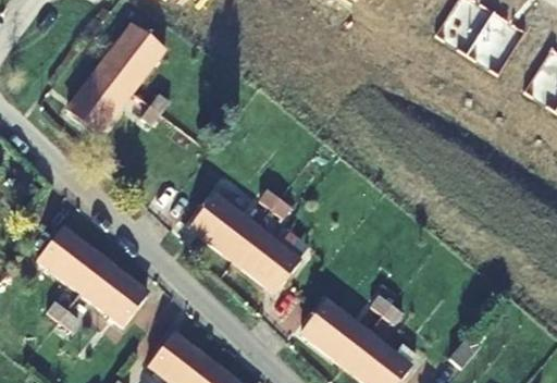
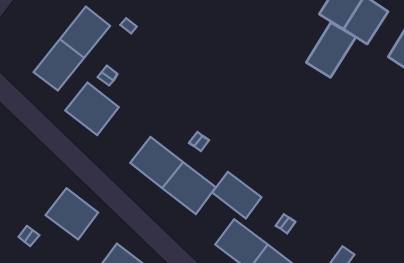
building: none -> [306,22,356,78]
building: none -> [65,83,119,135]
building: [38,227,107,294] -> none
building: none -> [212,172,261,219]

